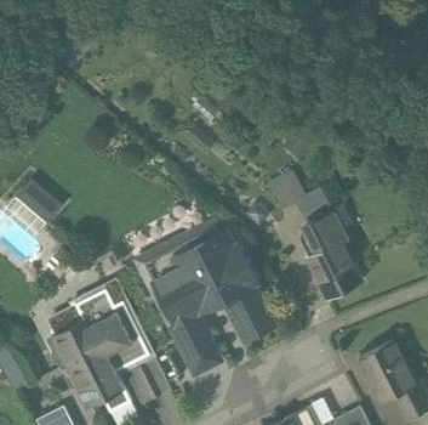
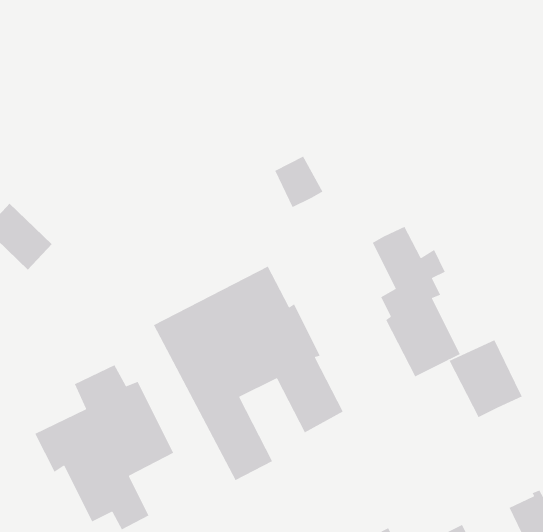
building: [267,169,303,208] -> [274,156,323,208]
building: [359,345,413,403] -> [449,339,523,418]
building: [126,361,170,404] -> none

